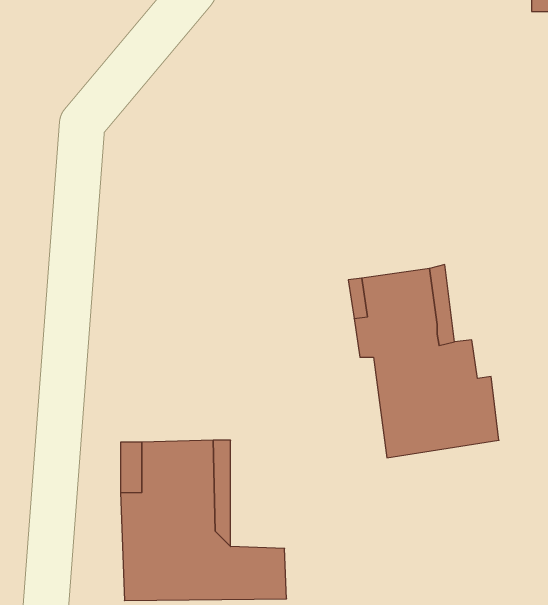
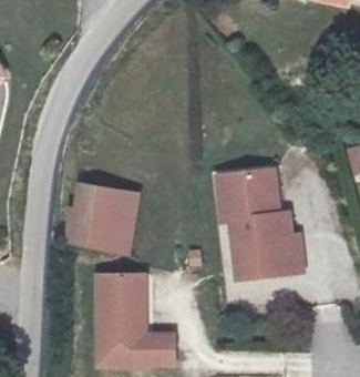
building: none -> [71,185,142,252]

